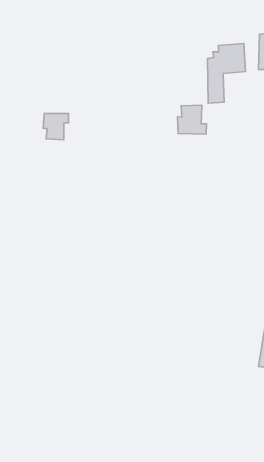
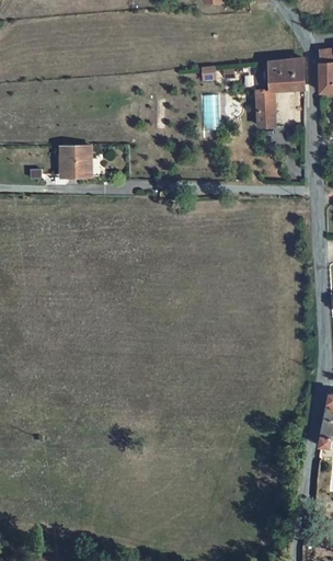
building: [178,105,207,134] -> none

